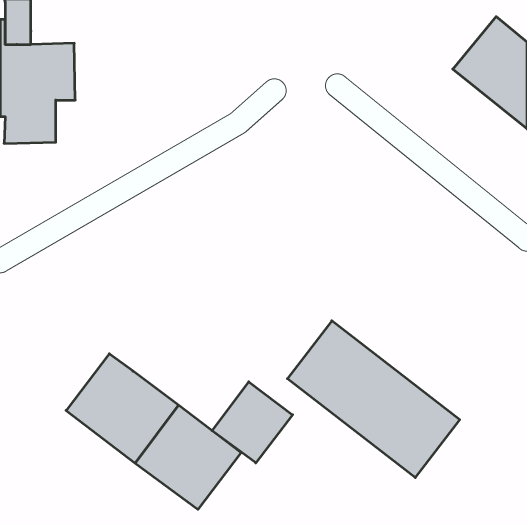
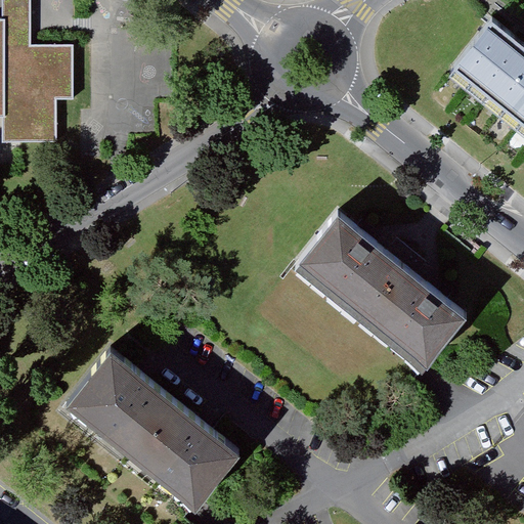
building: [287,321,460,478] -> [292,216,463,372]
building: [212,382,293,463] -> none

